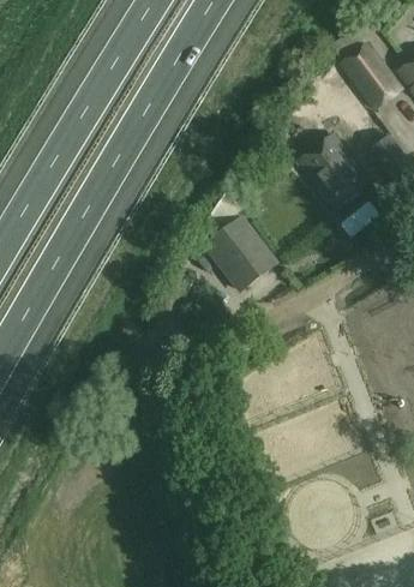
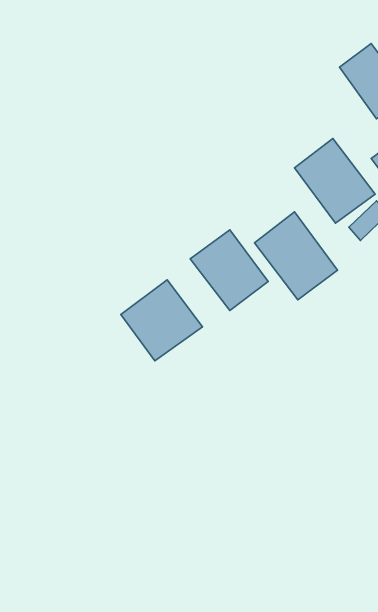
building: none -> [255,212,337,300]
building: none -> [121,280,203,361]

